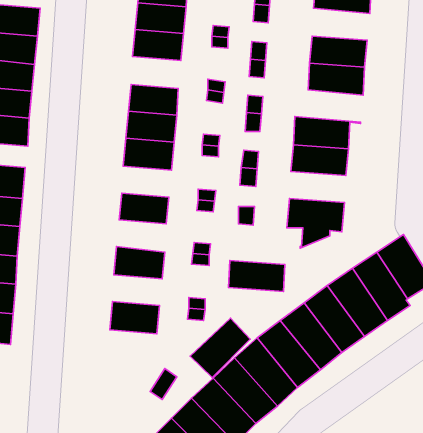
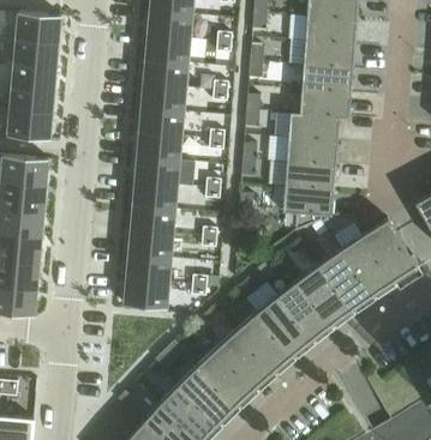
building: none -> [305,17,357,46]
building: none -> [143,60,187,89]
building: none -> [289,90,351,119]
building: none -> [134,158,179,186]
building: none -> [130,206,174,235]
building: [229,261,285,291] -> [285,163,335,191]
building: none -> [126,255,170,283]
building: [190,318,250,378] -> none

